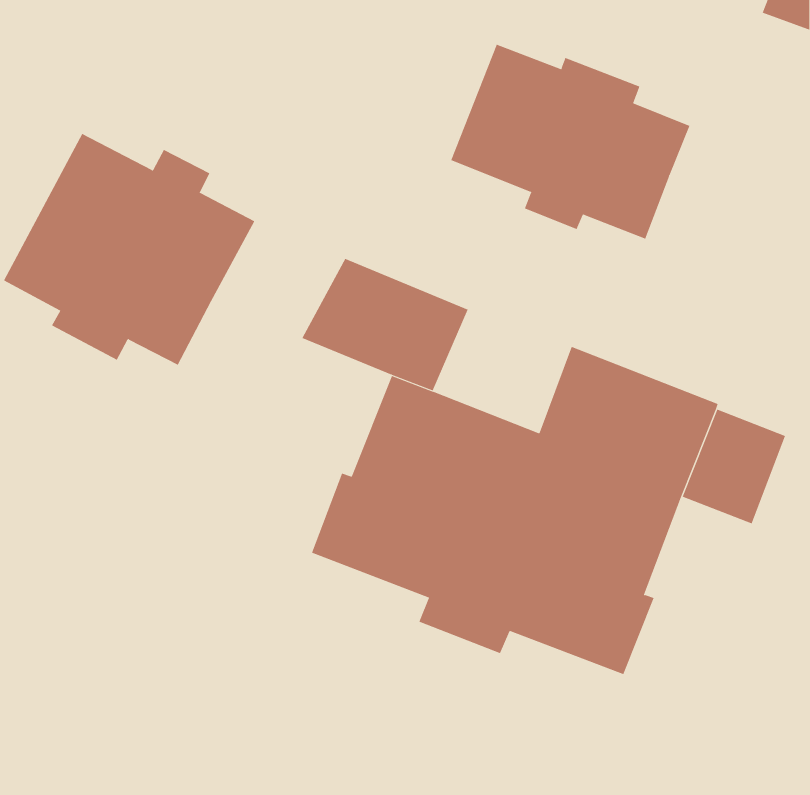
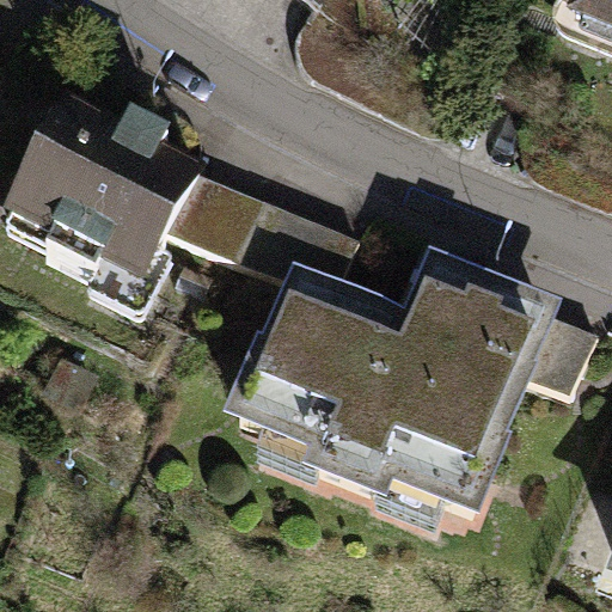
building: [451,44,690,240] -> none
building: none -> [158,165,257,252]

